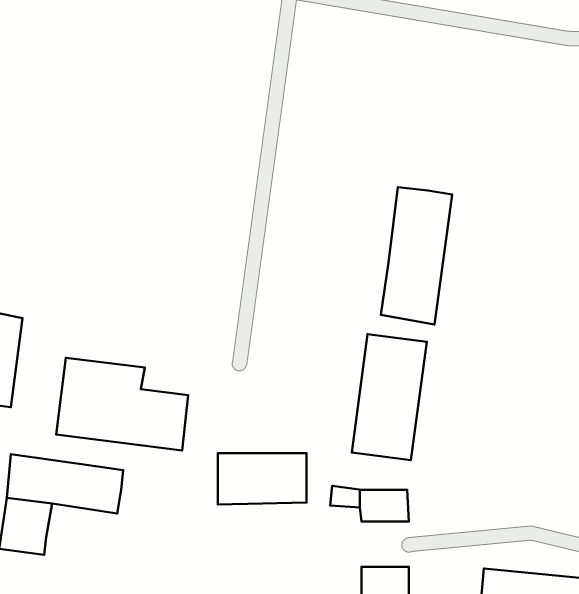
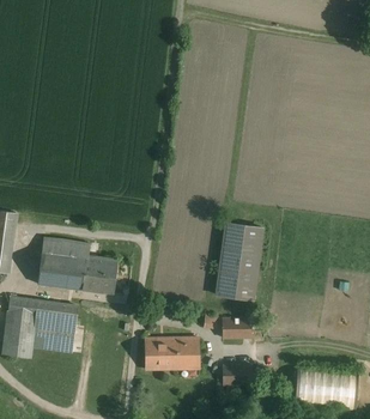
building: [381,187,452,324] -> none
building: [218,453,307,505] -> [144,339,198,370]
building: none -> [30,327,73,352]

